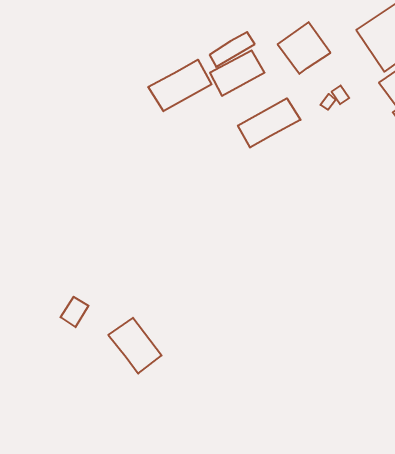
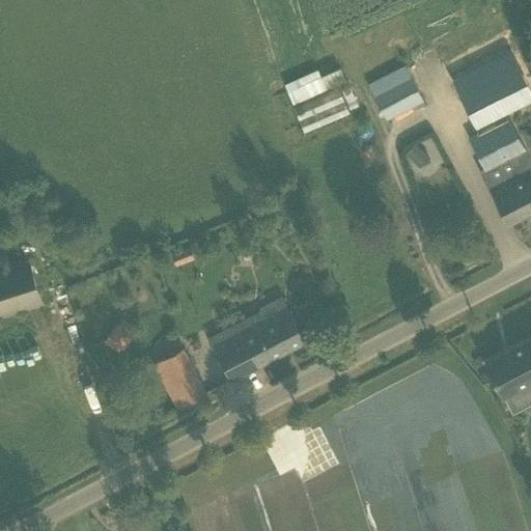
building: [148,60,212,111] -> none
building: [238,98,301,148] -> none
building: none -> [211,312,307,382]

